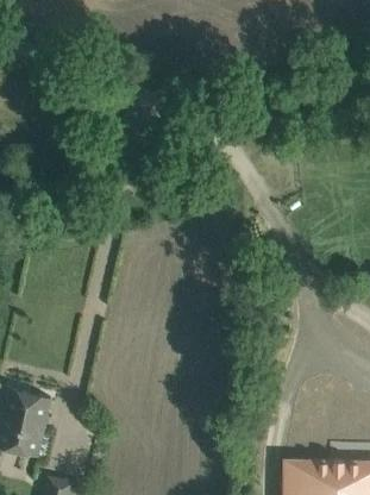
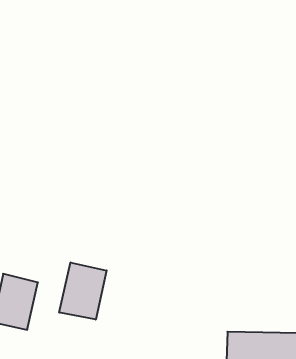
building: none -> [59,262,107,320]

